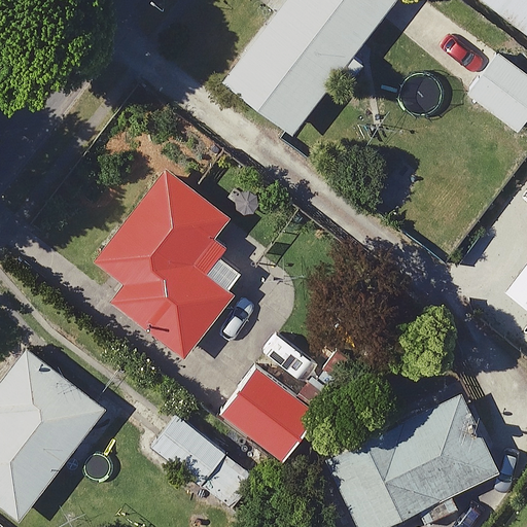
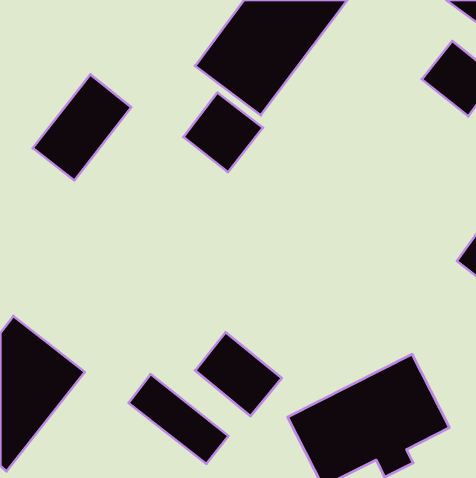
building: none -> [33,74,131,180]
building: none -> [183,93,263,172]
building: [93,168,246,357] -> none

